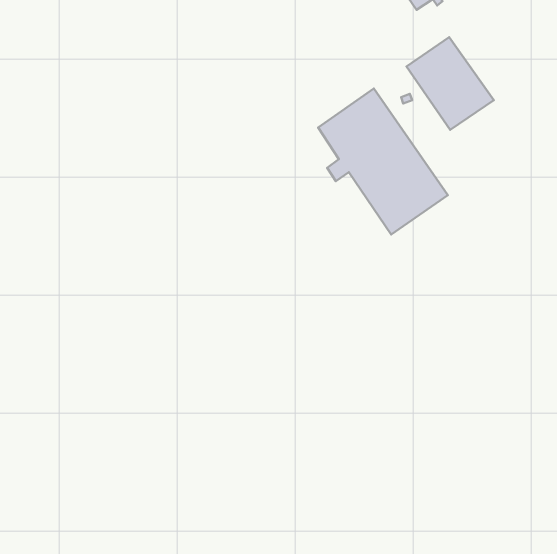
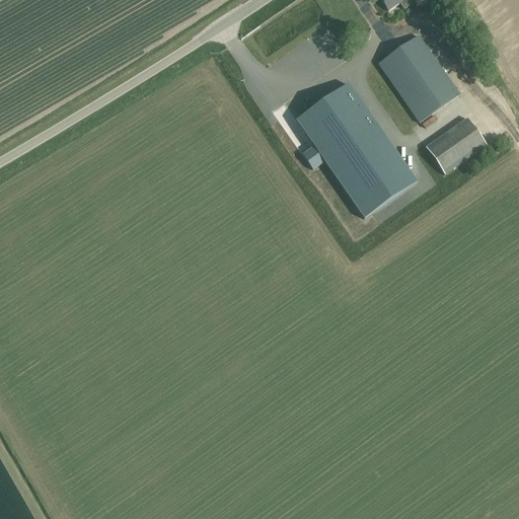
building: none -> [425,117,486,173]

